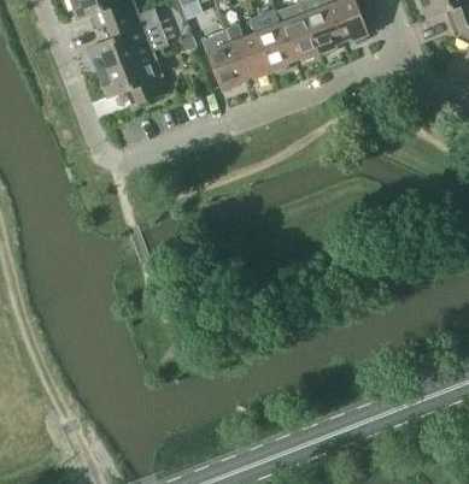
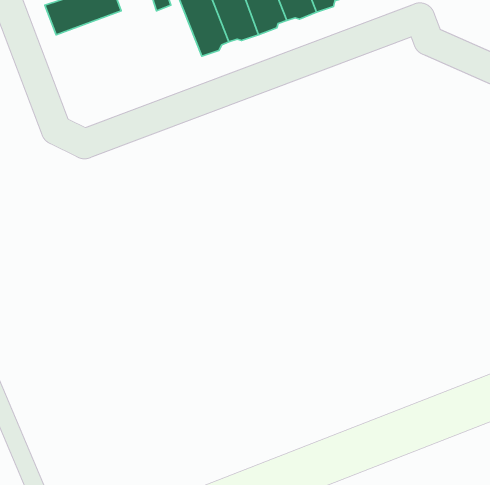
building: [96,51,168,101] -> none

